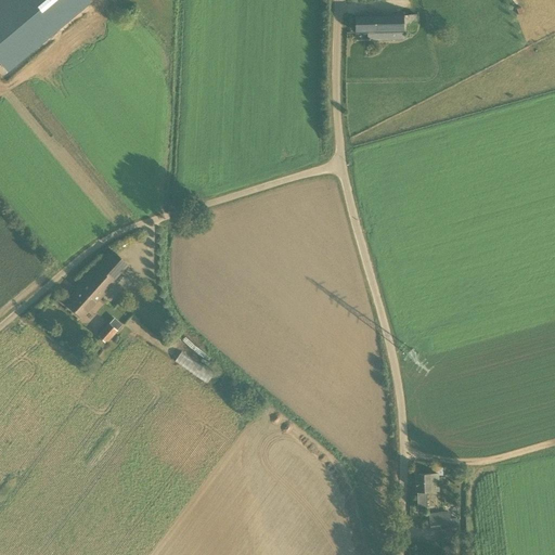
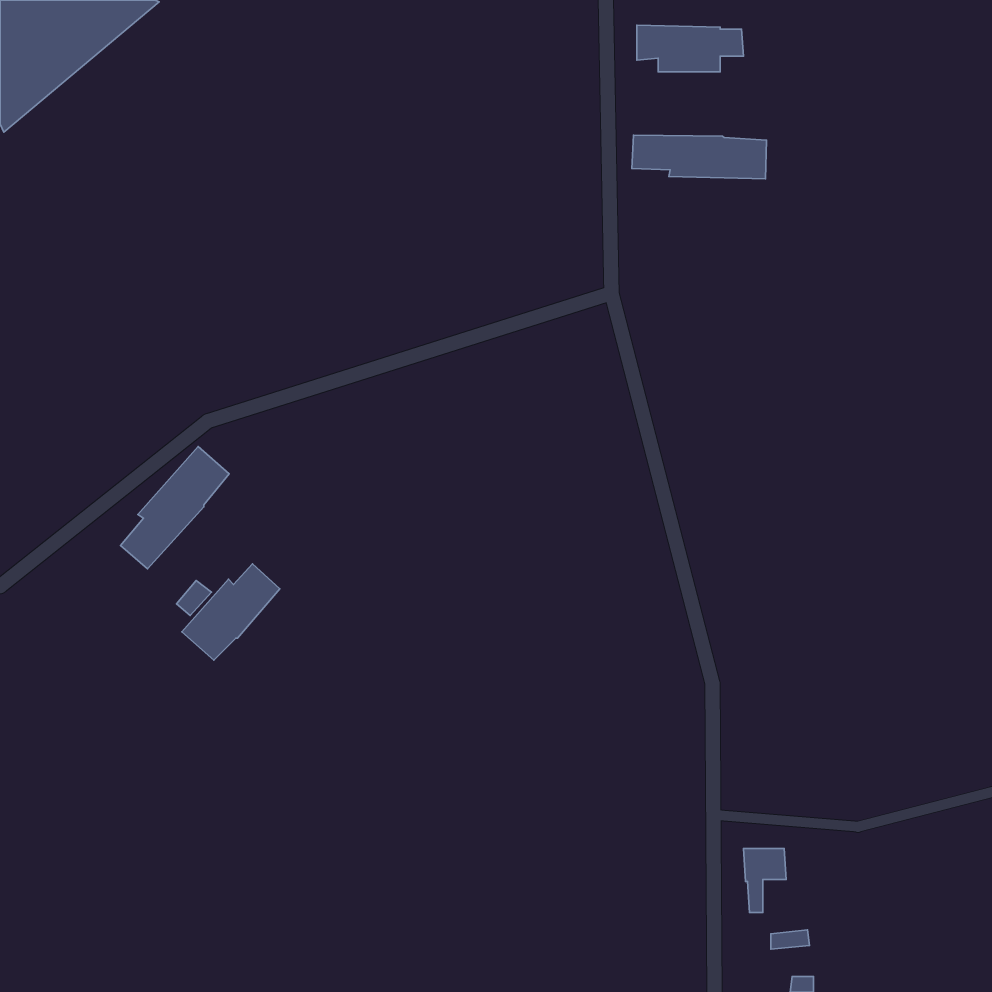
building: none -> [632,135,767,179]
building: none -> [182,564,280,660]

